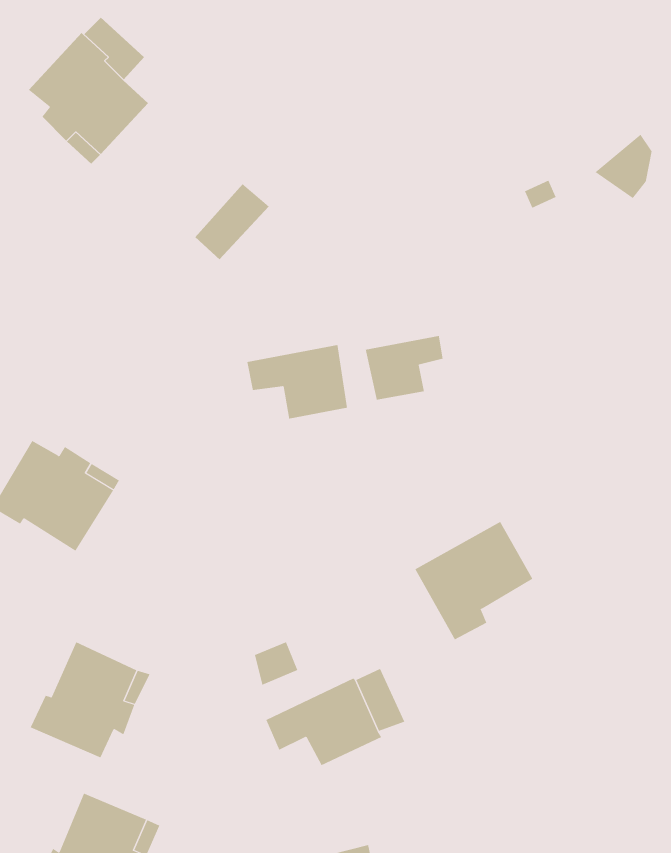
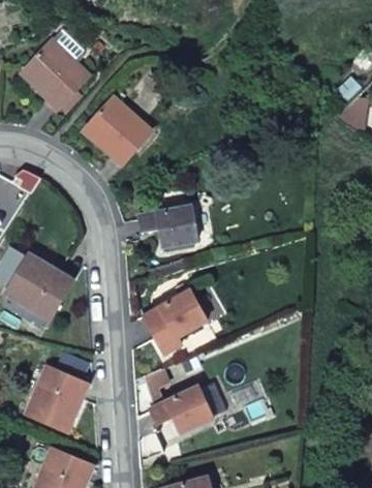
building: none -> [86,95,138,153]
building: [365,335,443,401] -> none
building: [414,521,533,640] -> [143,289,207,354]

